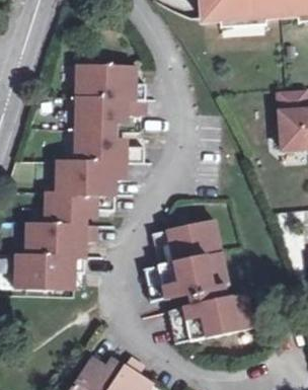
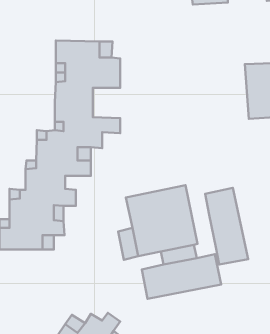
building: none -> [205,188,248,265]

